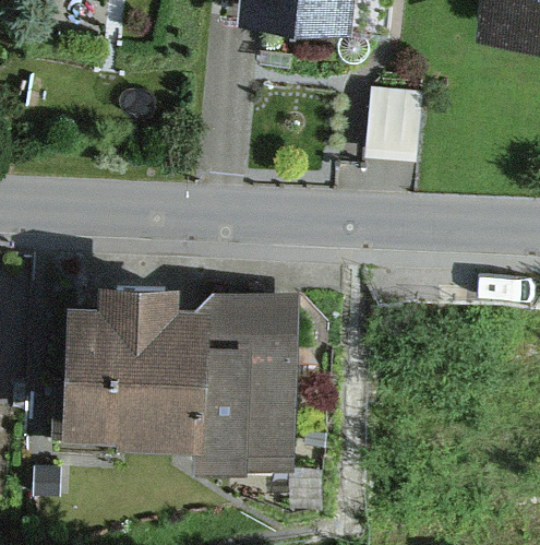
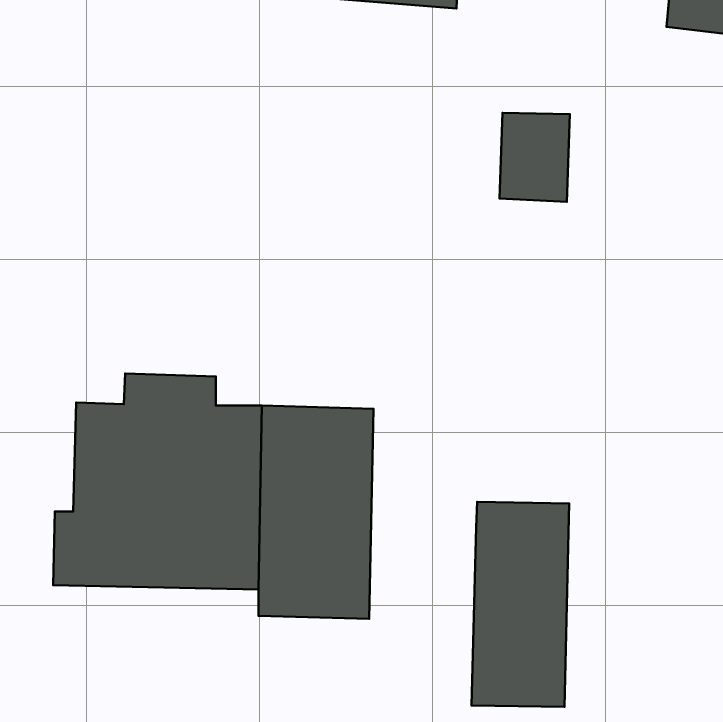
building: none -> [472,502,569,707]

